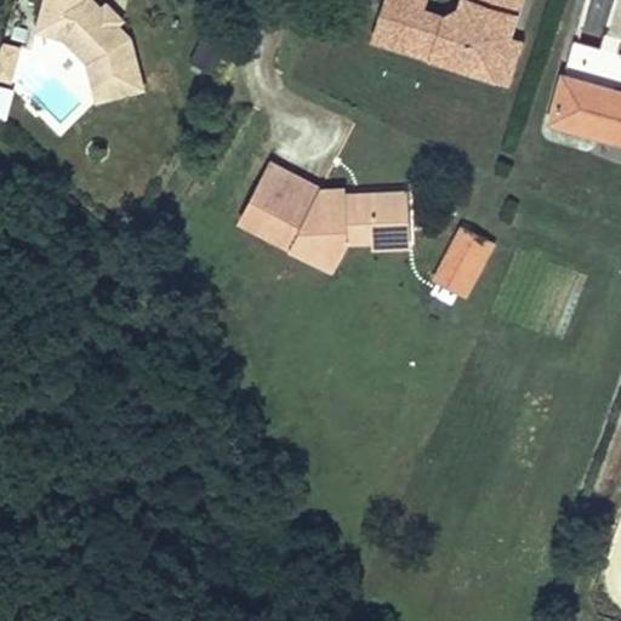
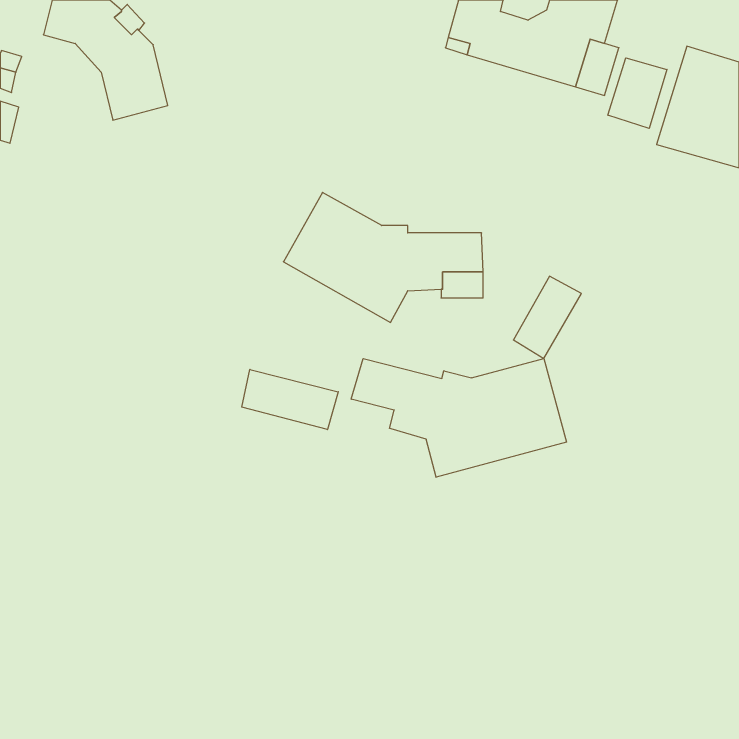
building: none -> [608,58,667,128]
building: none -> [351,359,567,477]
building: none -> [242,369,338,430]

